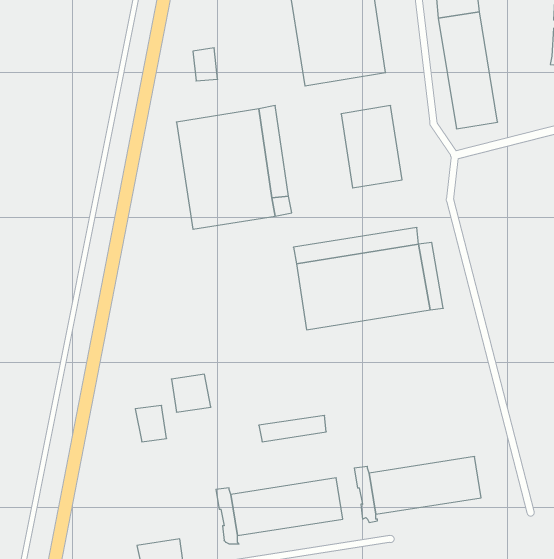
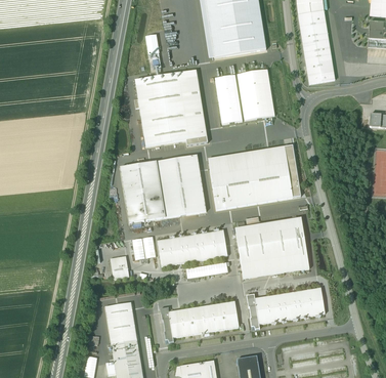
building: none -> [215,75,242,123]
building: none -> [120,155,206,223]
building: none -> [234,217,309,279]
building: none -> [157,229,227,266]
building: none -> [104,302,137,343]

